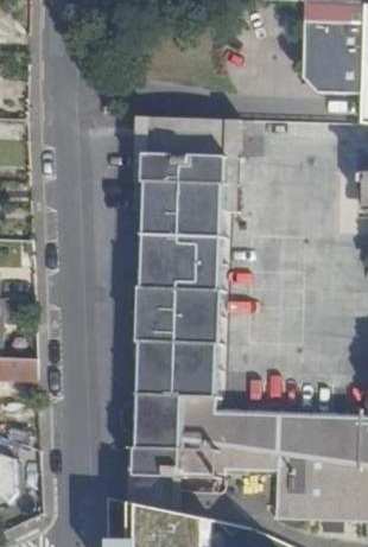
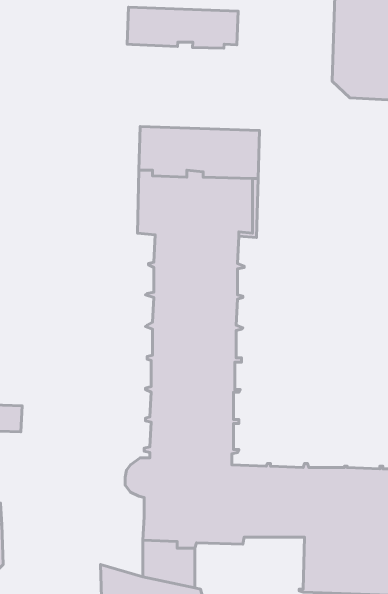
building: none -> [127,7,238,48]

